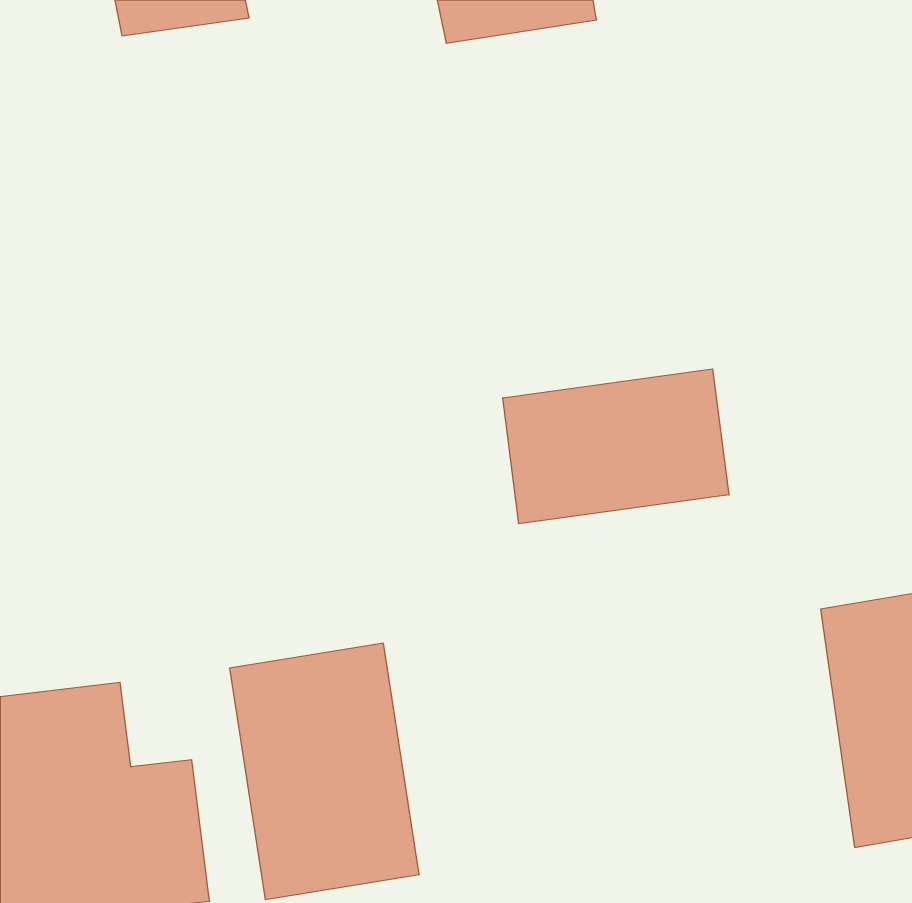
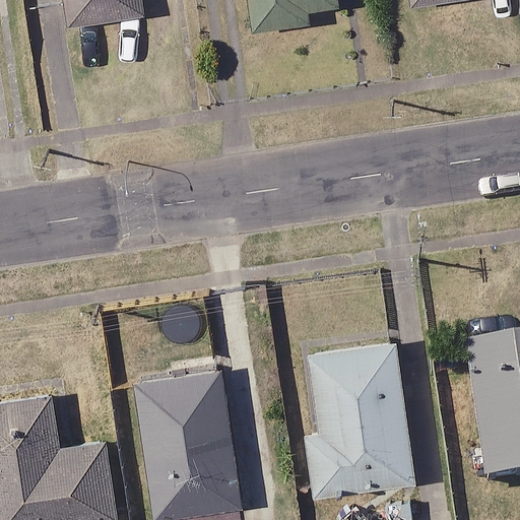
building: [503,369,729,524] -> none
building: none -> [295,343,414,497]

